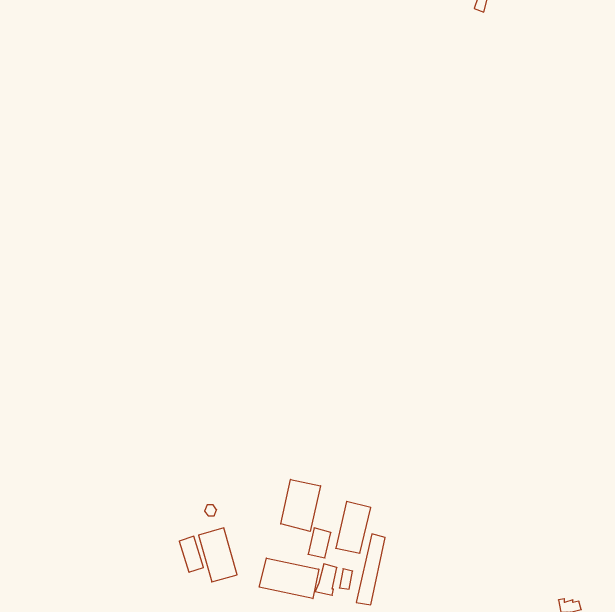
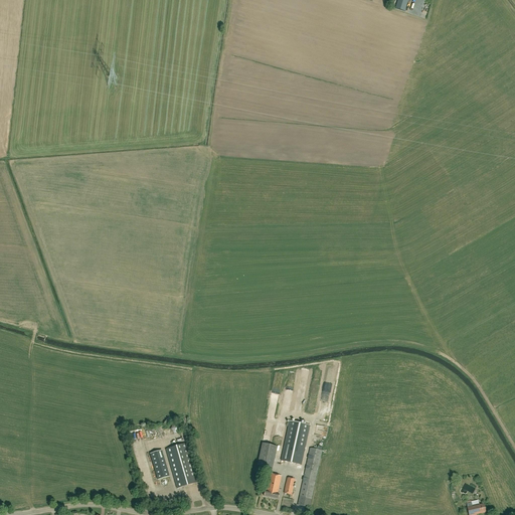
building: [281,479,321,531] -> none
building: [259,558,319,599] -> none

